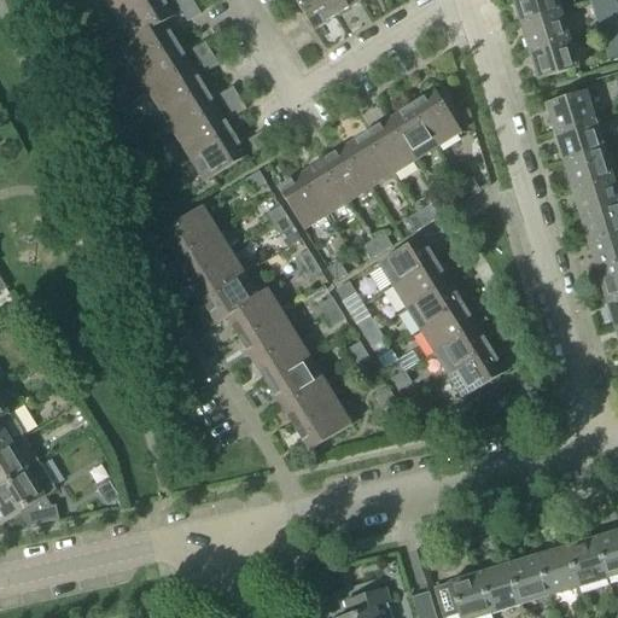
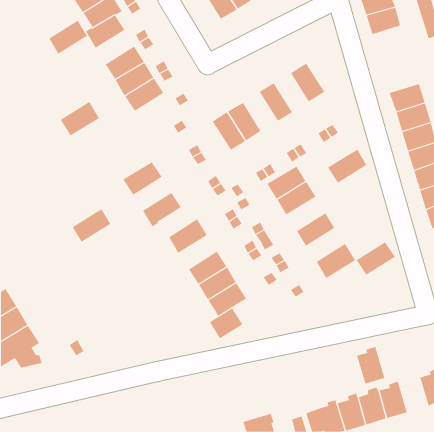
building: [529,36,579,78] -> none
building: [136,42,192,92] -> [49,20,88,55]
building: [544,91,596,132] -> none
building: [390,104,438,159] -> none
building: [346,130,395,186] -> none
building: [192,132,249,181] -> none
building: [278,173,328,229] -> none
building: [161,205,217,255] -> [60,101,100,136]
building: [190,251,245,299] -> [72,208,111,242]
building: [407,279,464,328] -> [327,149,367,184]
building: [226,288,281,337] -> none
building: [435,323,491,372] -> [356,242,396,276]
building: [253,333,309,383] -> none
building: none -> [209,308,243,339]
building: [567,531,608,585] -> [356,346,385,384]

